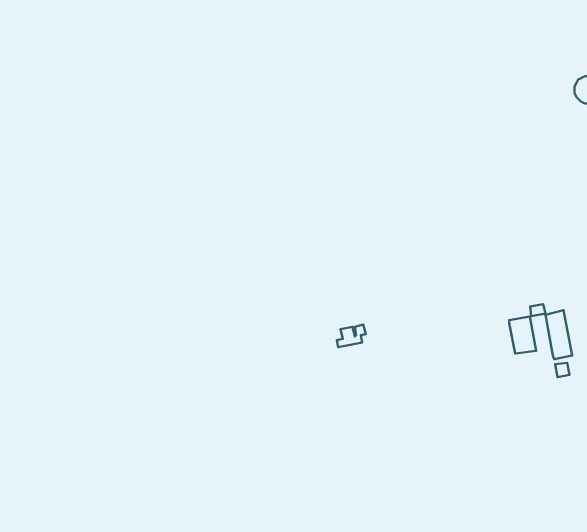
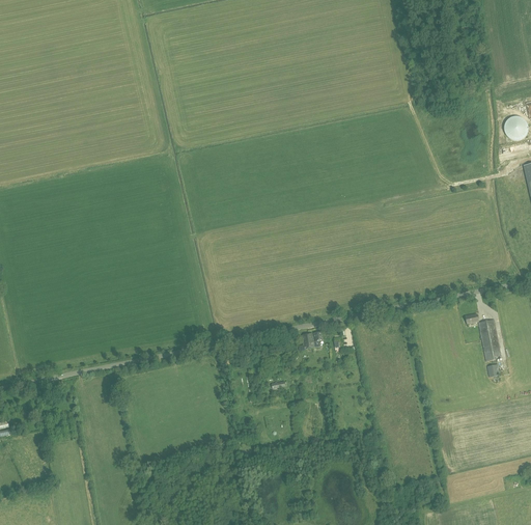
building: [509,317,536,354] -> none

